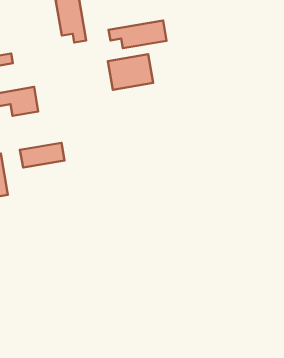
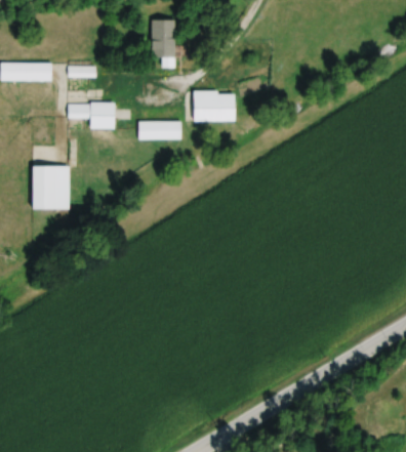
building: [109,21,166,48] -> none
building: [20,143,64,168] -> [139,121,182,139]

